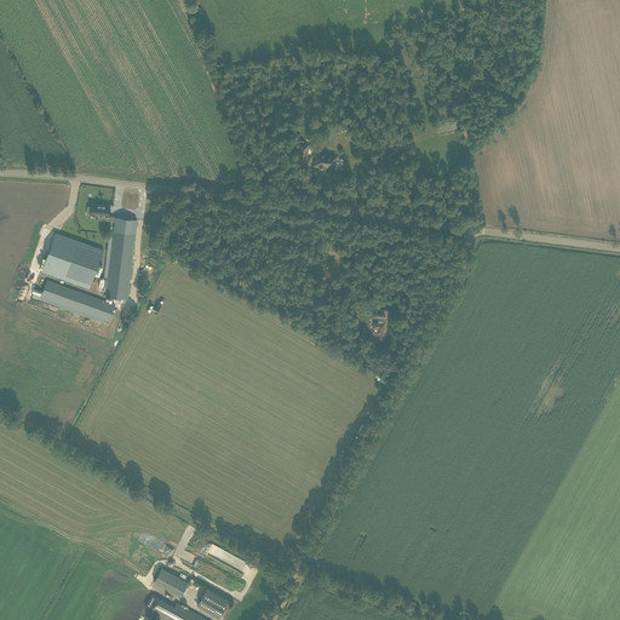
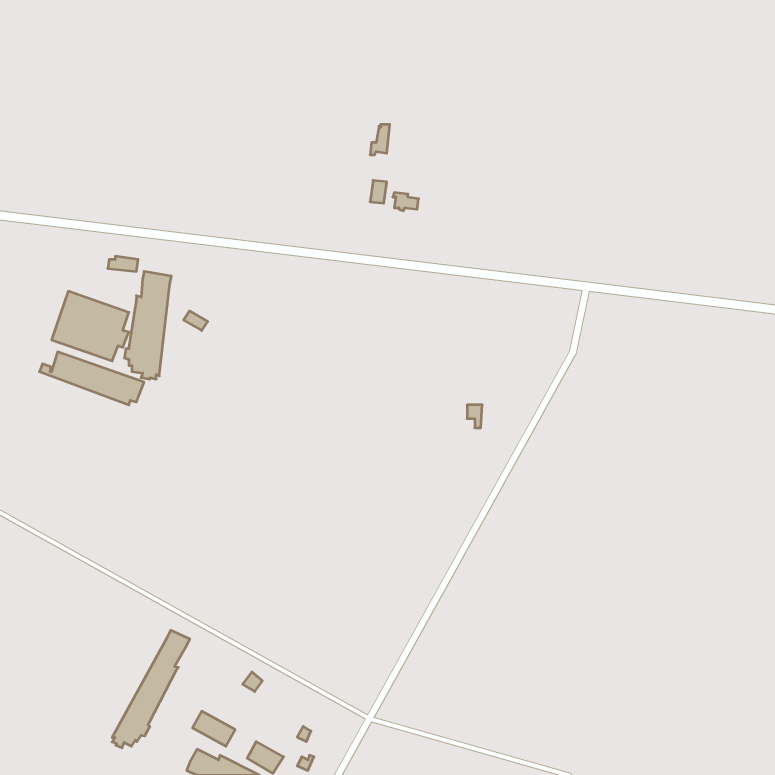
building: none -> [112,630,190,748]

